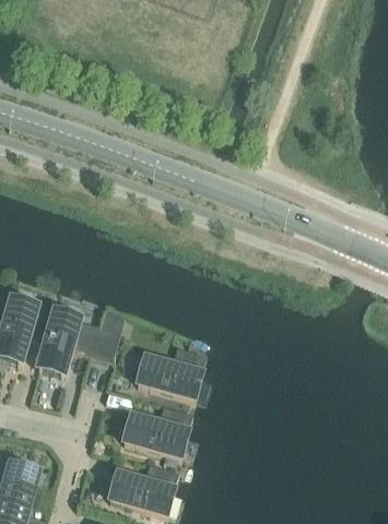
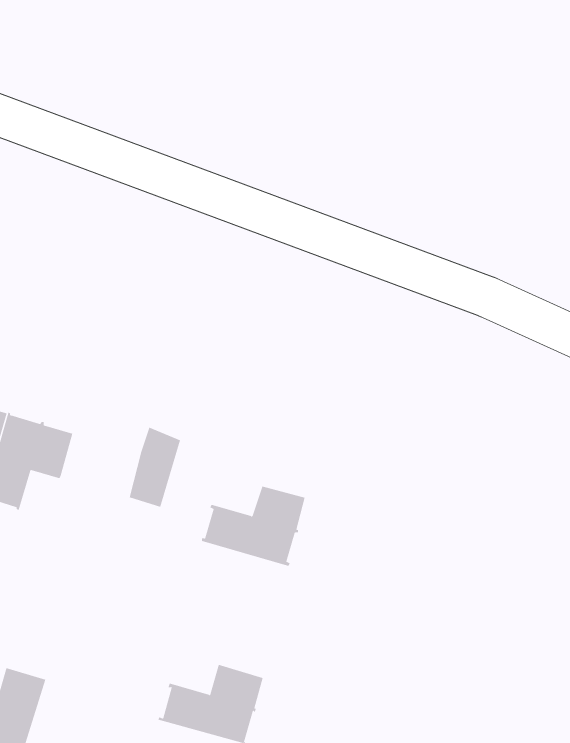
building: [37,310,97,374] -> none
building: [122,404,191,456] -> none

